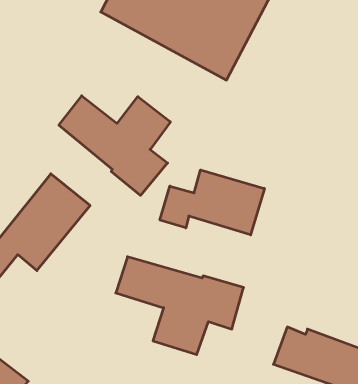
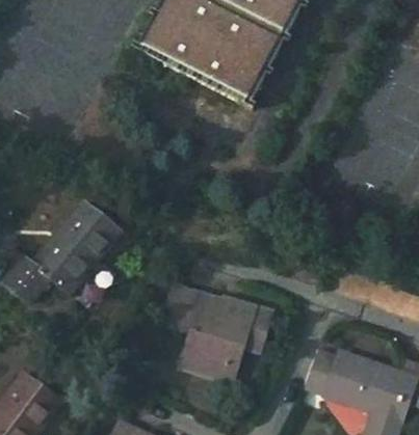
building: [59,96,170,195] -> none
building: [160,170,264,235] -> none

